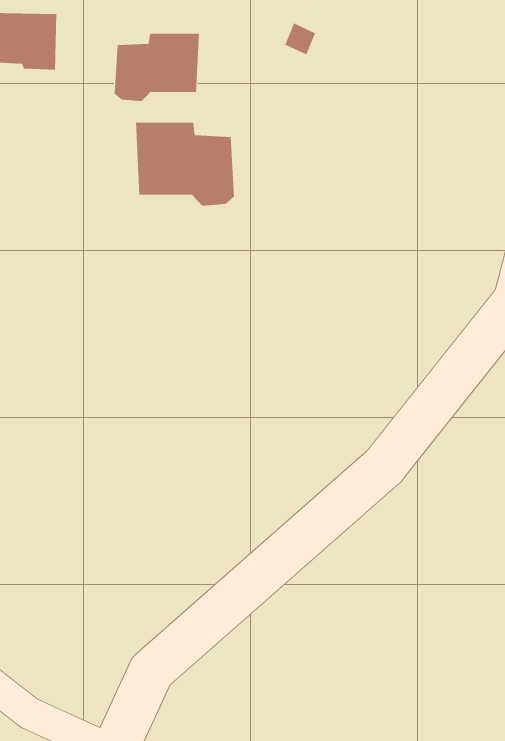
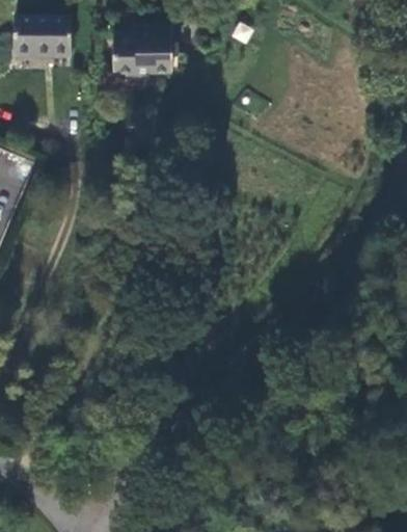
building: [135,122,235,206] -> none

